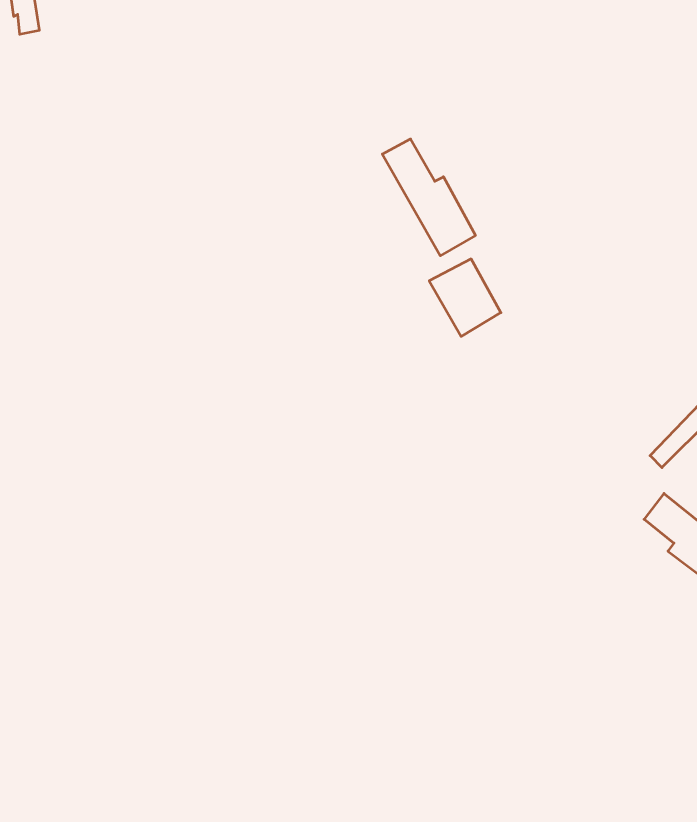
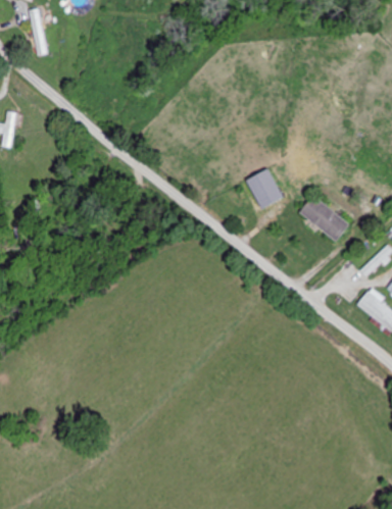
building: [382,139,475,256] -> none
building: none -> [300,195,349,241]

